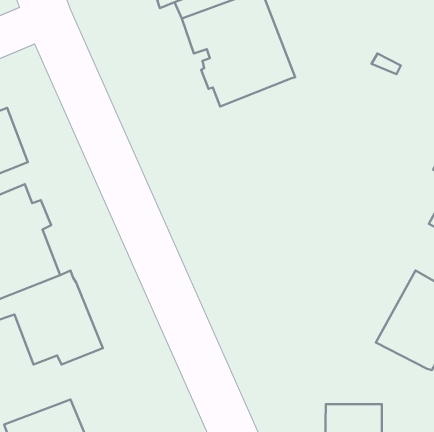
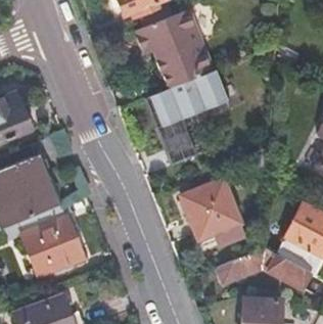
building: none -> [145,70,229,165]
building: none -> [180,179,244,247]
building: none -> [217,247,311,290]

